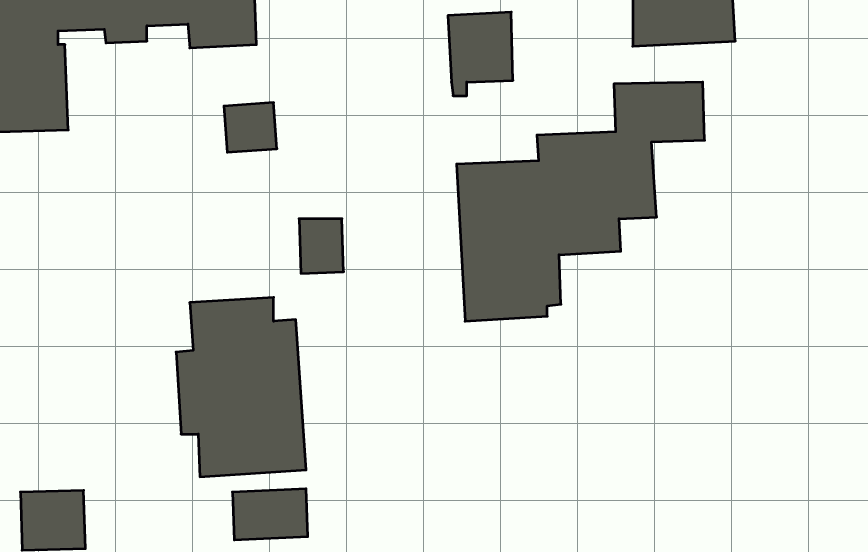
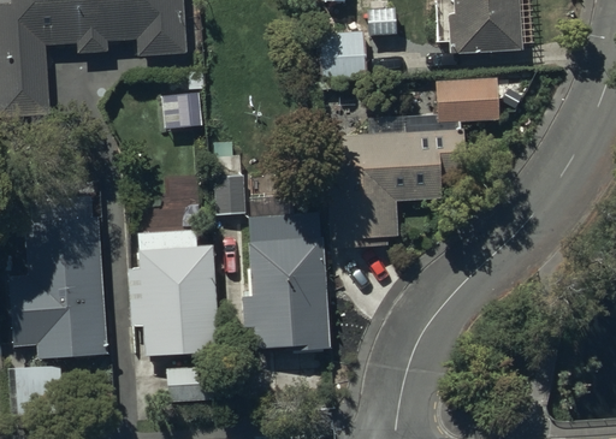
building: none -> [10,174,108,357]
building: none -> [239,213,326,348]

